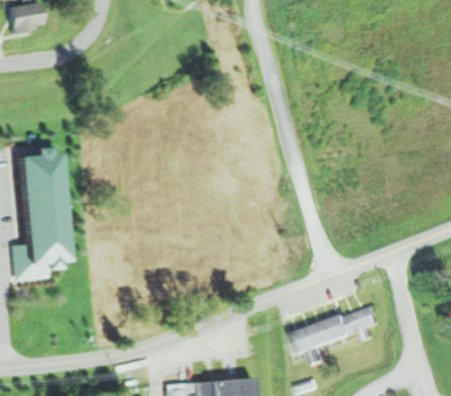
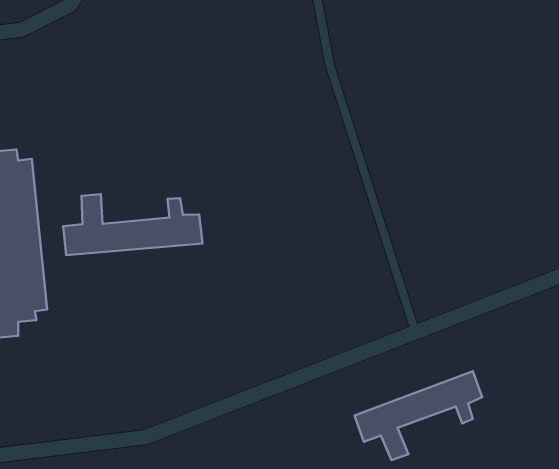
building: none -> [63,194,202,255]

